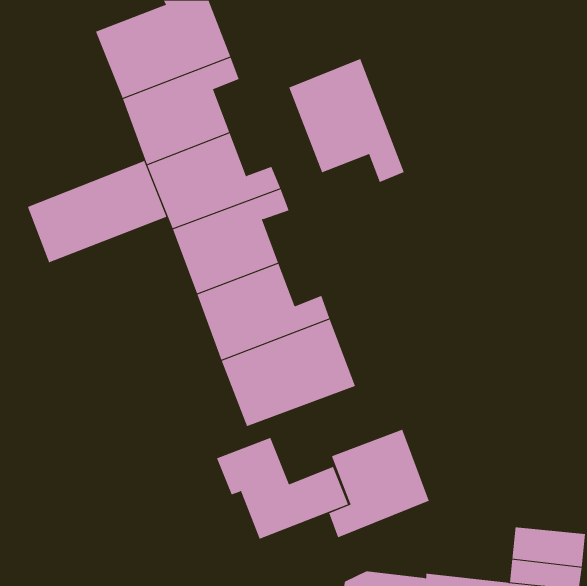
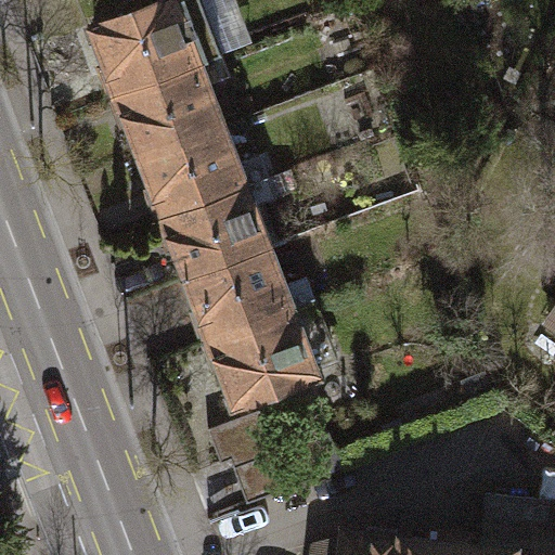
building: [288,58,405,183] -> none
building: [27,160,167,263] -> none
building: [329,429,430,538] -> none

